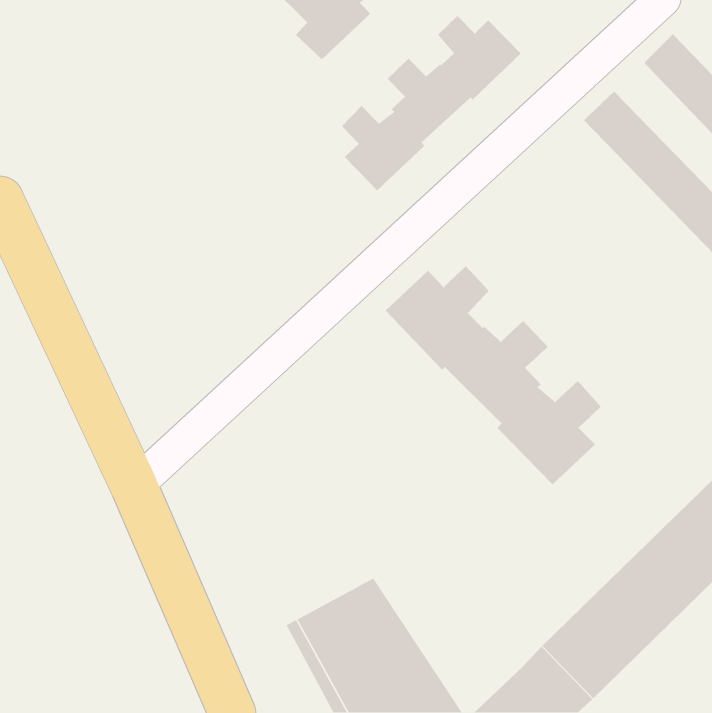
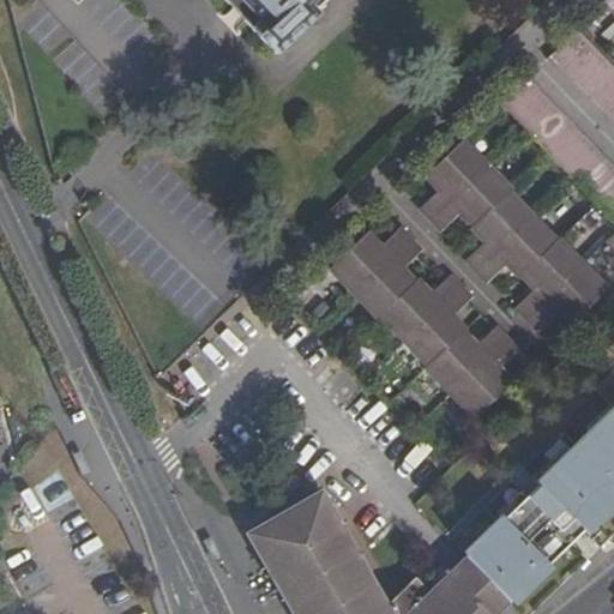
building: [341,15,521,191] -> none
building: none -> [422,140,608,327]

